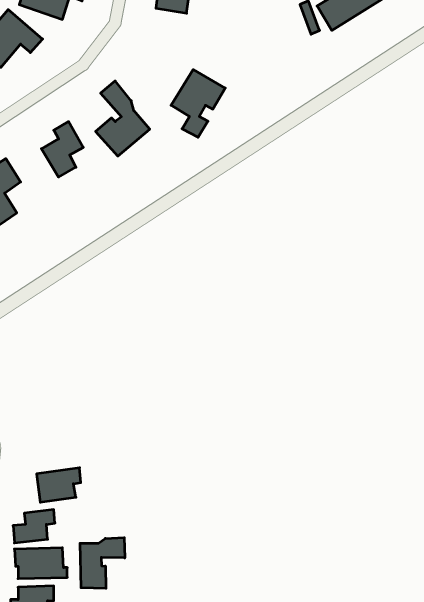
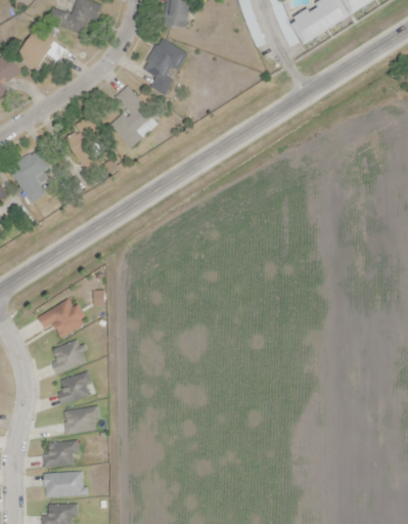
building: [171,70,225,137] -> [142,38,187,94]
building: none -> [38,299,86,338]
building: none -> [51,340,85,375]
building: none -> [58,373,89,404]
building: [80,538,125,588] -> none

